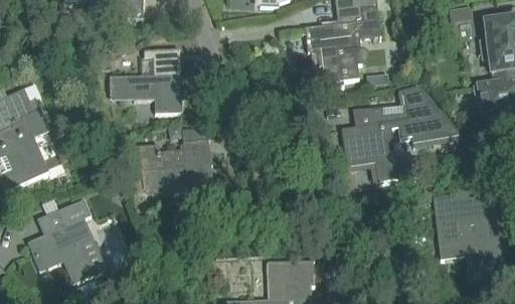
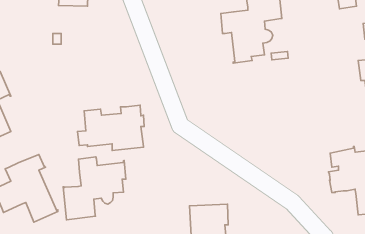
building: [109,48,181,113] -> none
building: [340,87,460,183] -> none
building: none -> [63,157,126,220]

